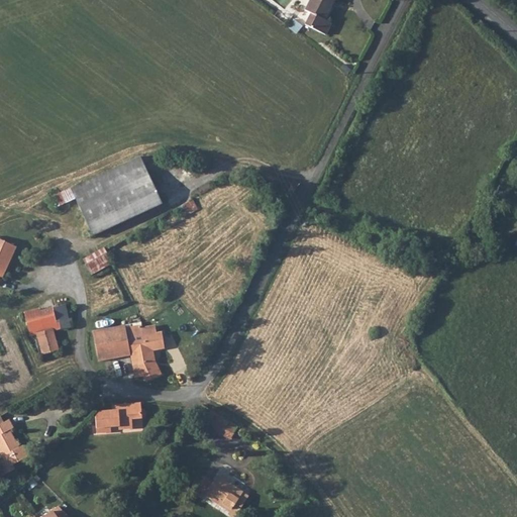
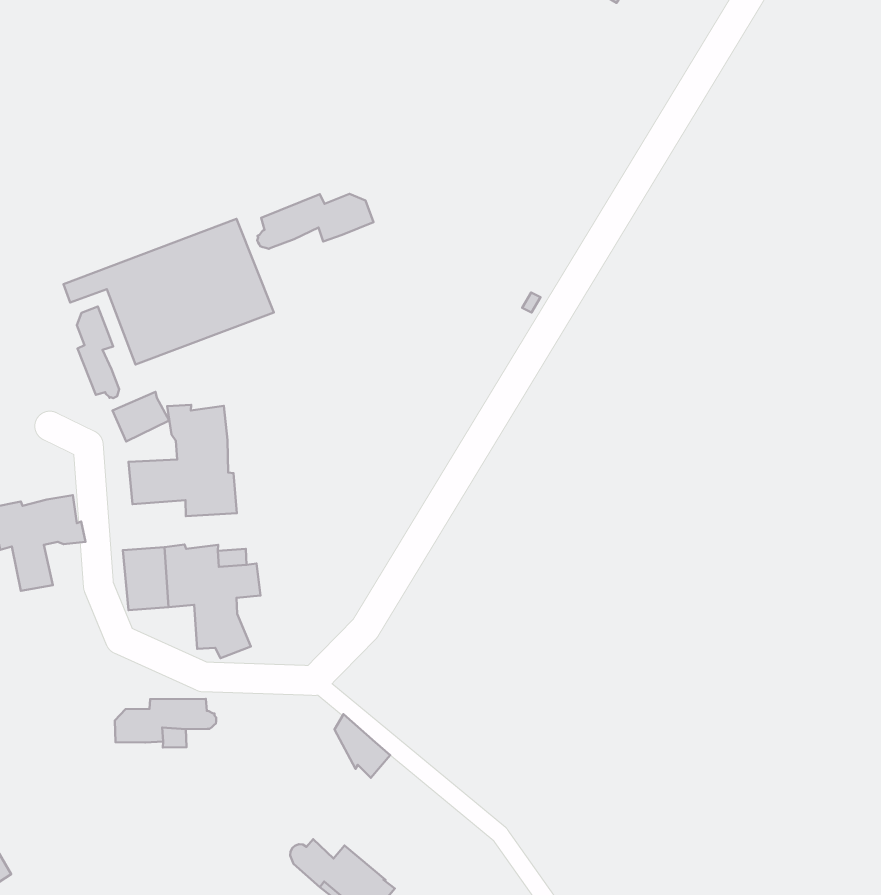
building: none -> [257,194,374,249]
building: none -> [77,307,119,398]
building: none -> [129,405,237,516]

